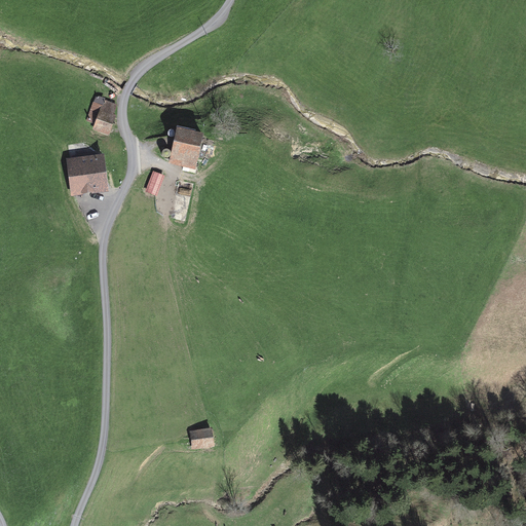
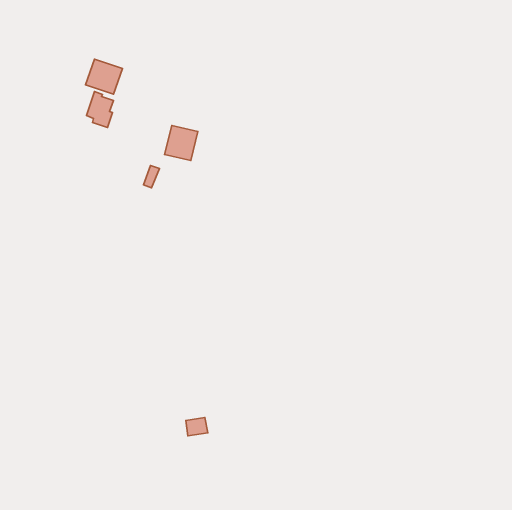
building: none -> [86,59,122,94]
building: [69,155,105,190] -> none

